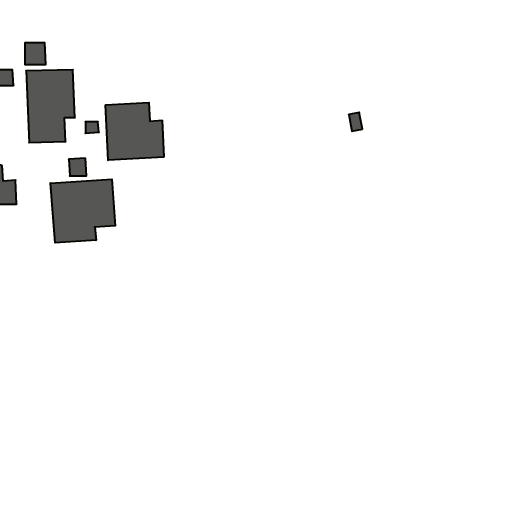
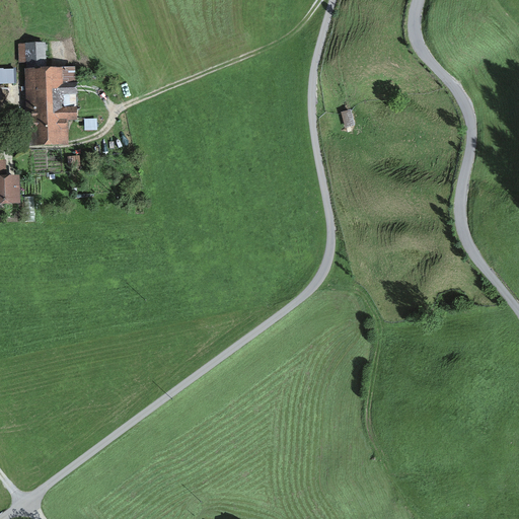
building: [106,103,164,160] -> none
building: [50,179,115,243] -> none

